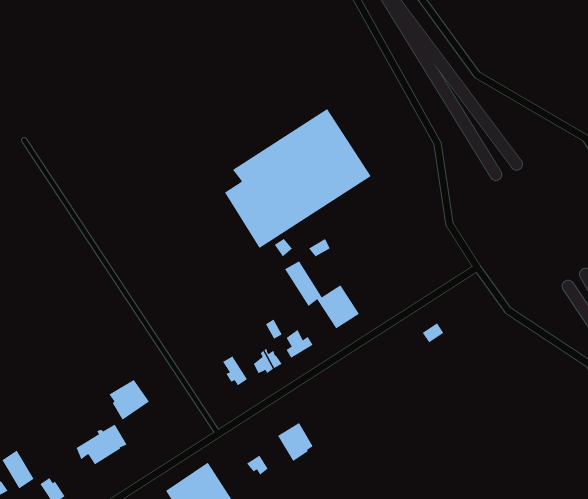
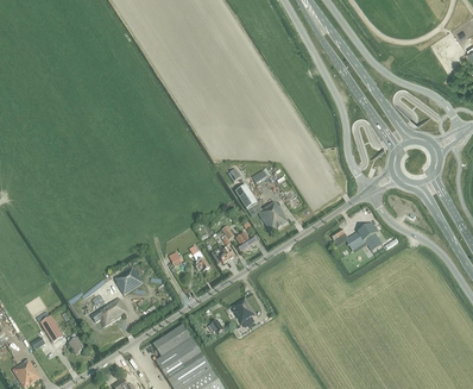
building: [224,108,371,249] -> none
building: none -> [345,222,381,250]

